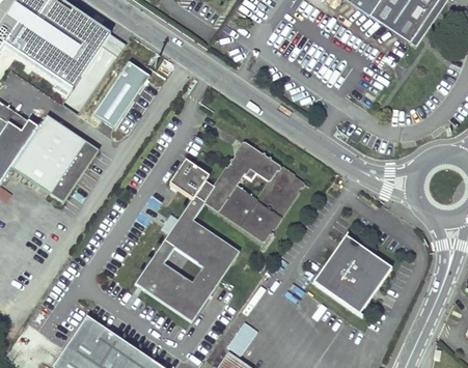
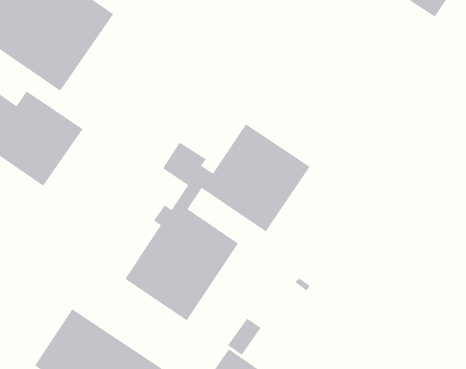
building: [93,60,152,129] -> none
building: [315,232,394,310] -> none

